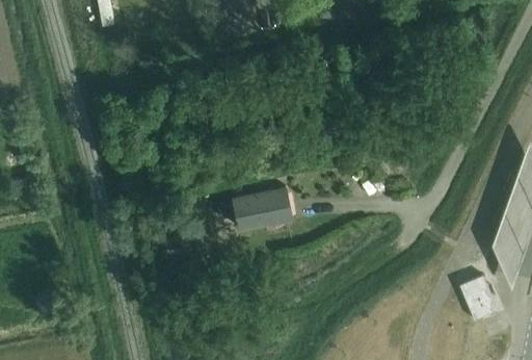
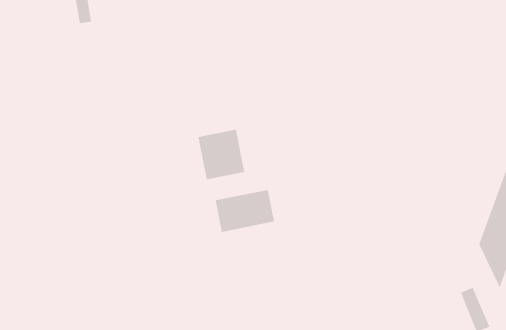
building: none -> [198,129,245,180]

